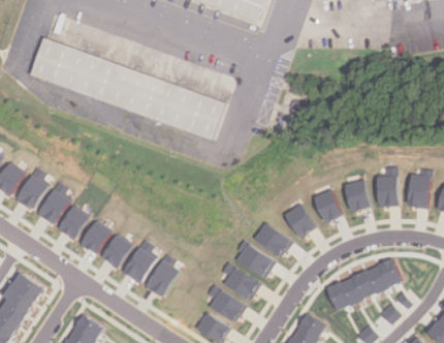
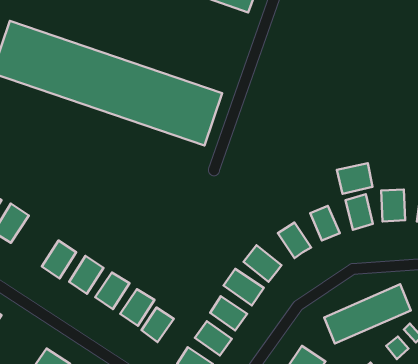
building: none -> [337,163,372,194]
building: [57,208,87,240] -> none
building: none -> [141,307,174,342]

